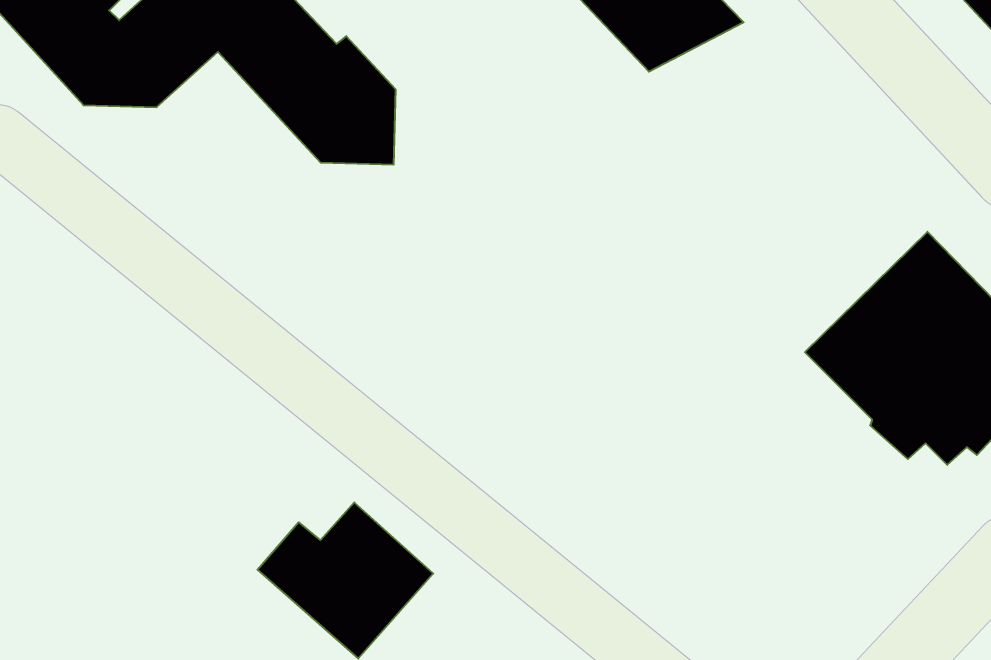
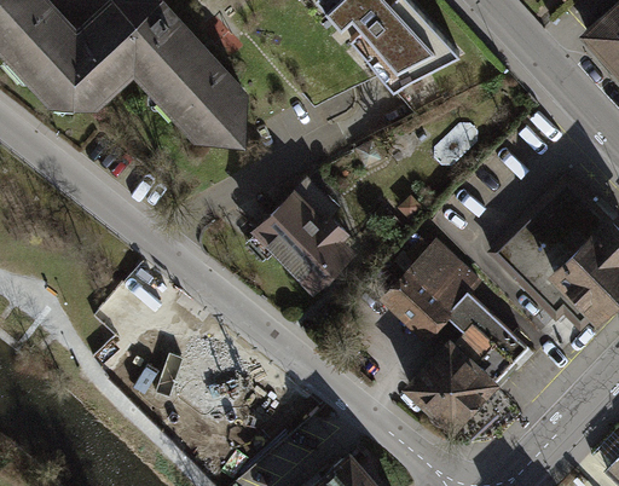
building: none -> [253,181,358,287]
building: none -> [387,242,527,427]

